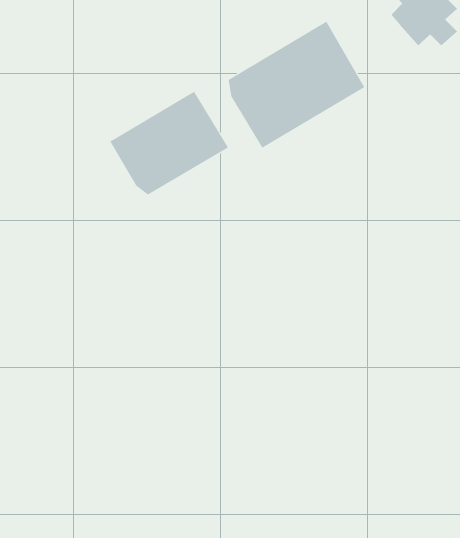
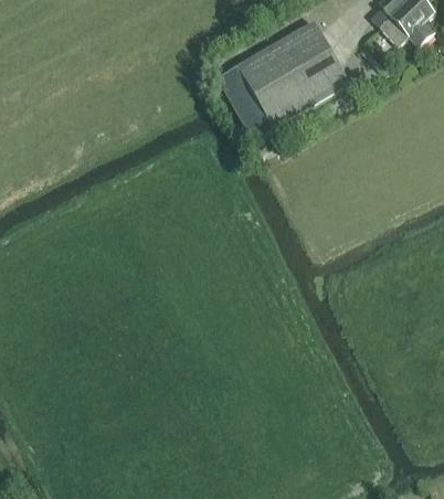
building: [110,91,229,196] -> none

